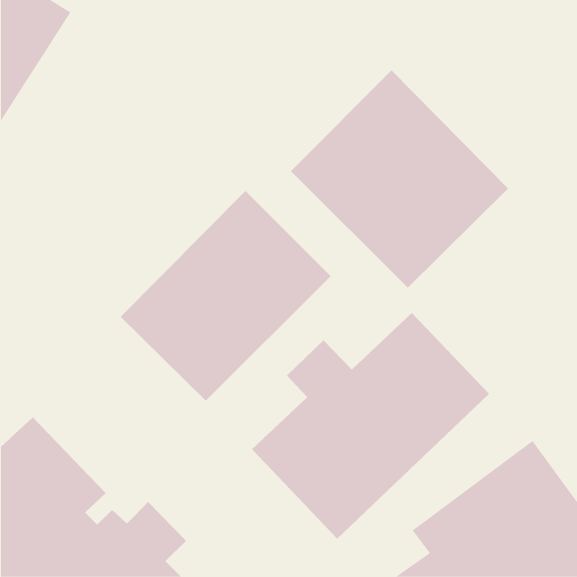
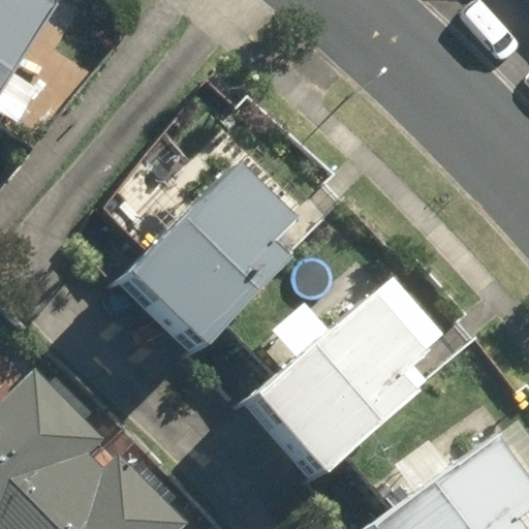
building: [290,70,509,288] -> none

